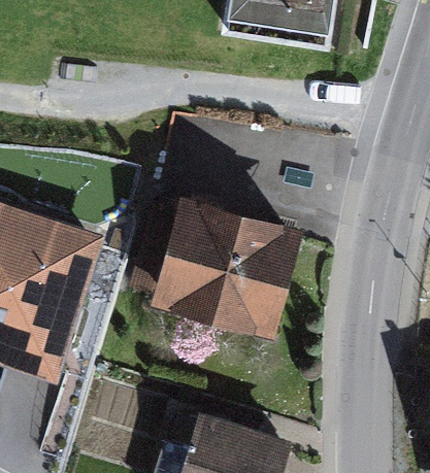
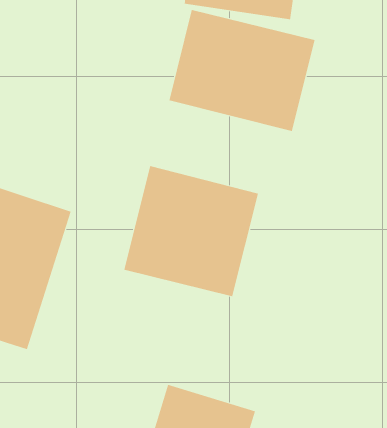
building: none -> [169,9,315,132]

